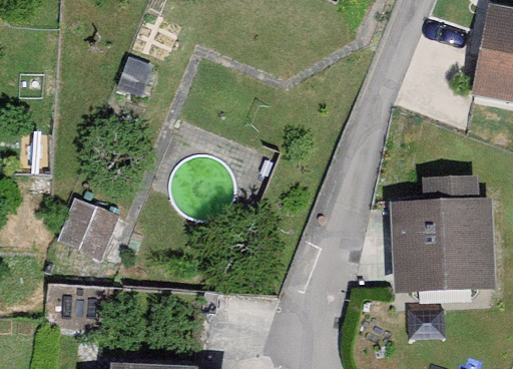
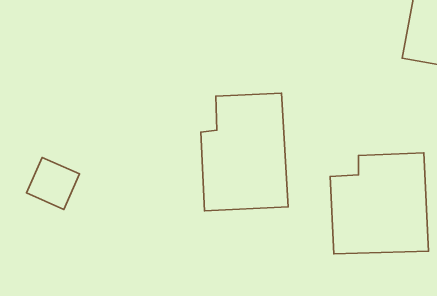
building: none -> [201,93,288,211]

